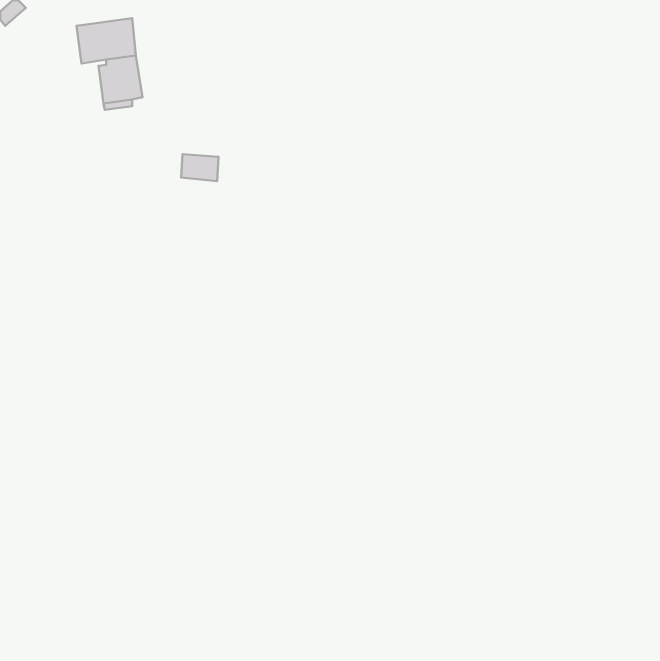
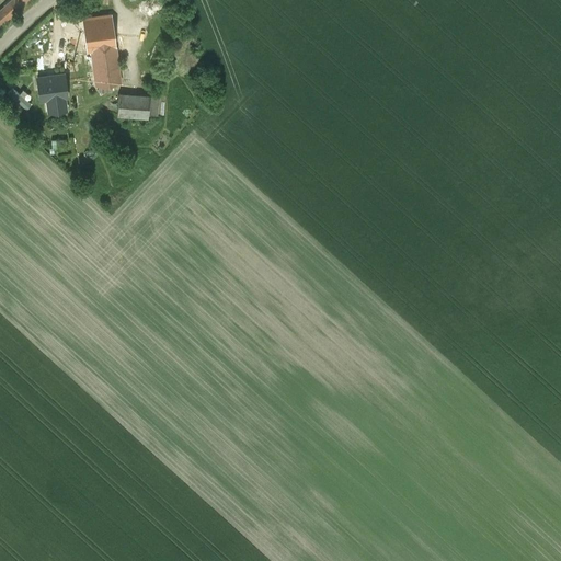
building: none -> [38,75,68,111]
building: [181,154,219,181] -> [118,94,150,117]

